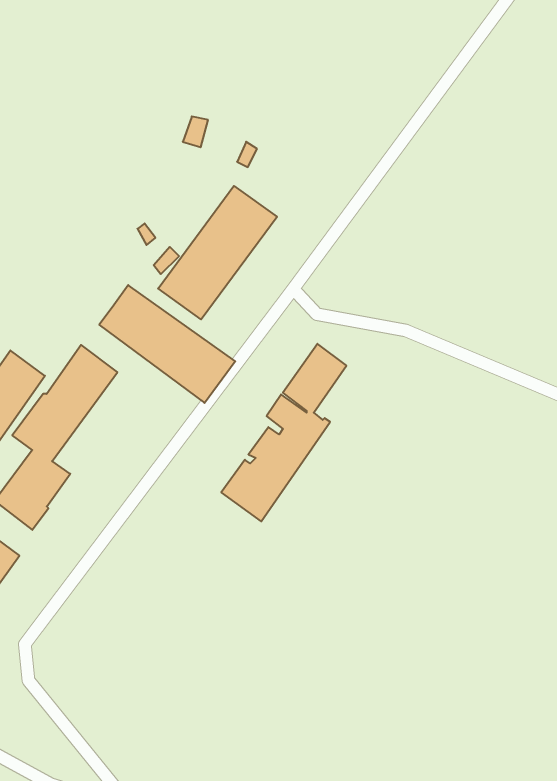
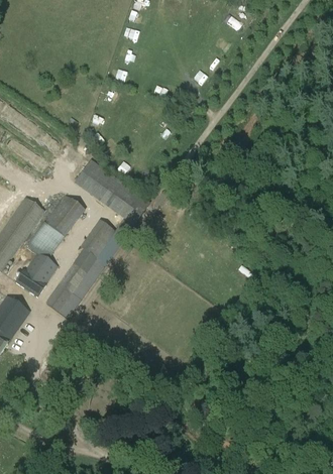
building: [158,186,277,319] -> none
building: [221,344,346,521] -> [45,219,115,318]

